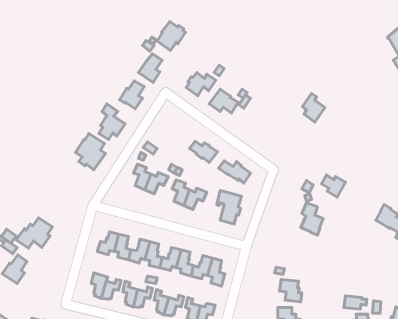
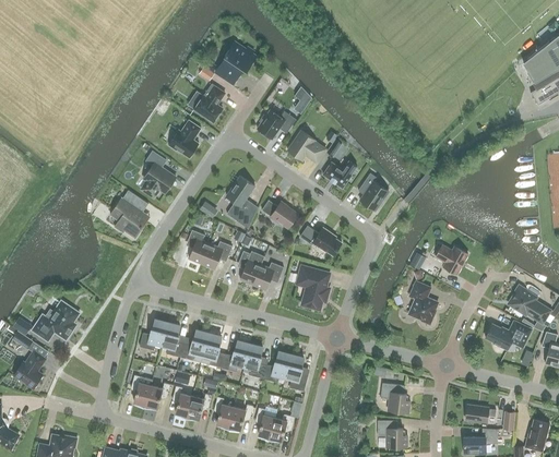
building: [302,93,325,122] -> [358,172,388,211]
building: none -> [322,160,357,188]
building: none -> [226,176,254,223]
building: none -> [485,320,532,350]

